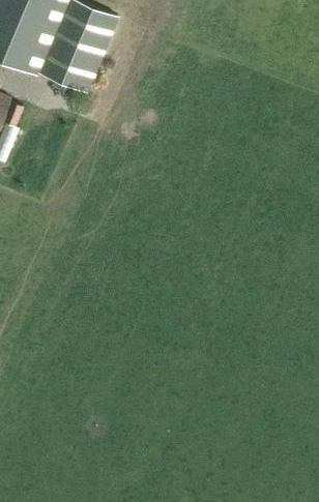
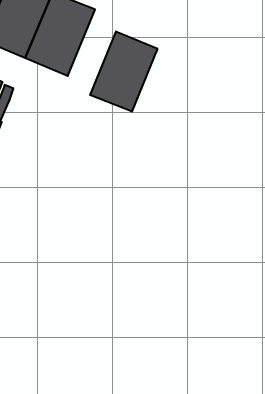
building: none -> [90,31,157,112]

